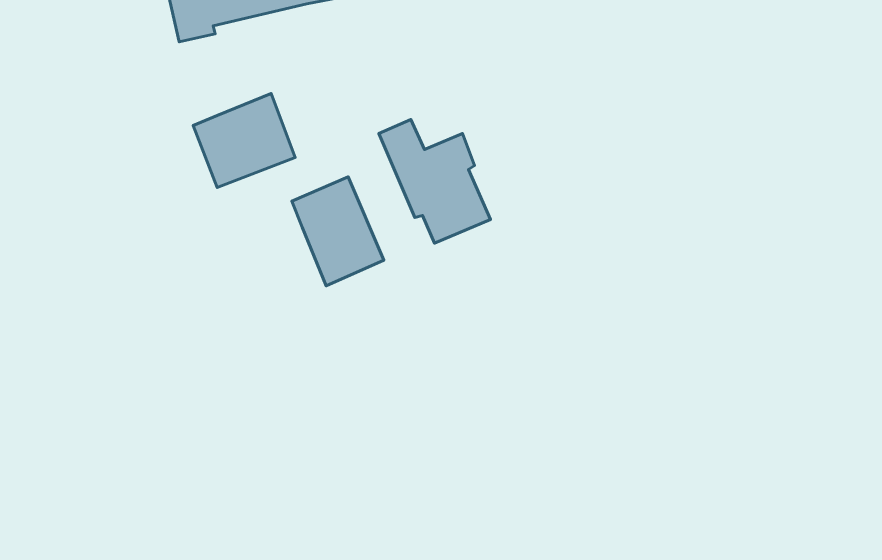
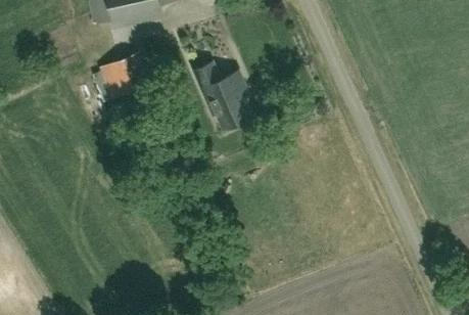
building: [292,177,384,286] -> none

